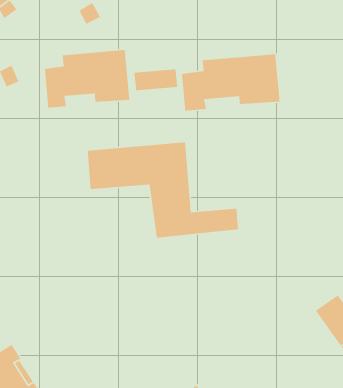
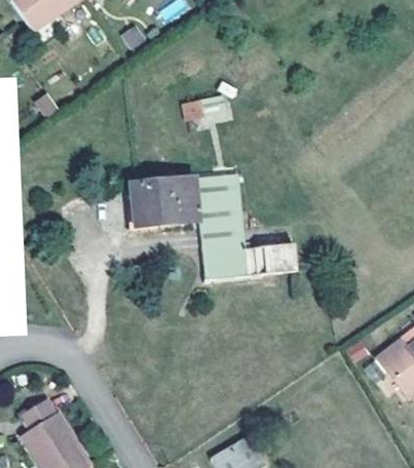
building: [44,49,130,109] -> none
building: [181,53,280,111] -> none

